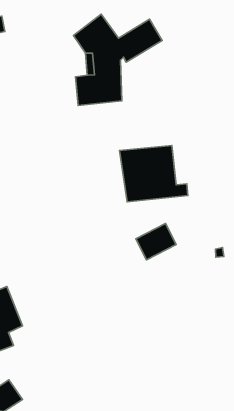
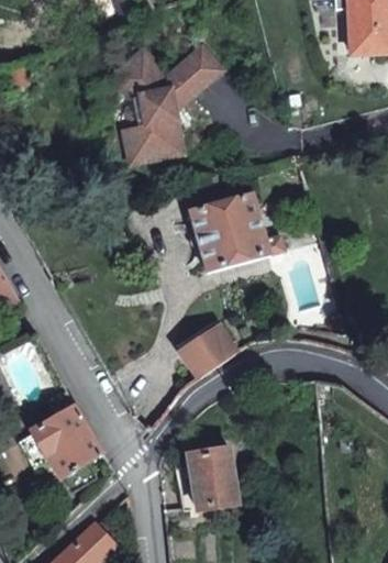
building: [136,223,176,260] -> [182,328,234,377]
building: none -> [187,448,237,509]

